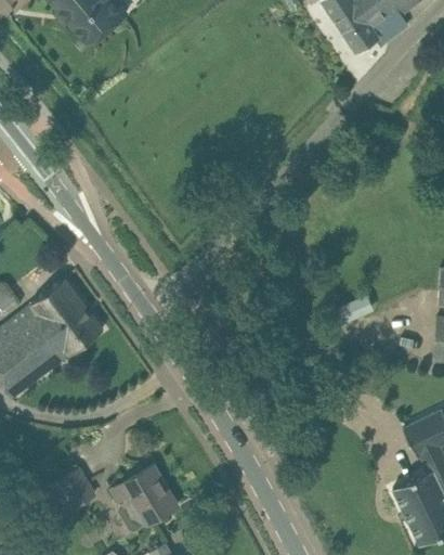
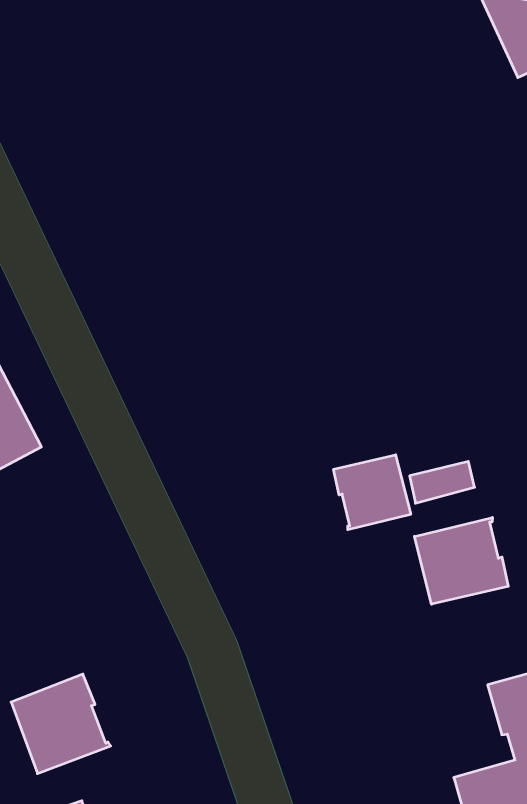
building: none -> [334,455,411,530]
building: none -> [414,517,508,604]

